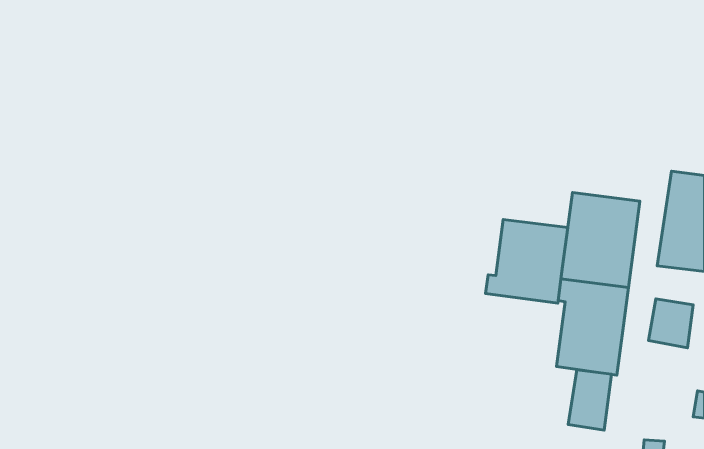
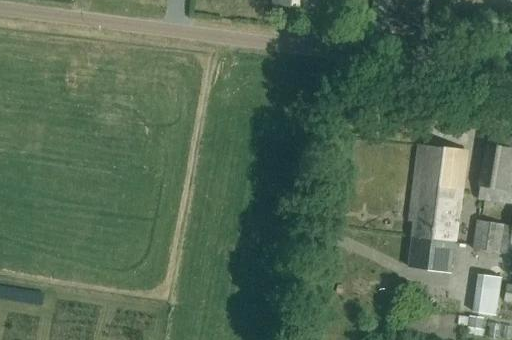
building: [486,220,568,303] -> none
building: [568,370,611,430] -> [471,273,501,315]

